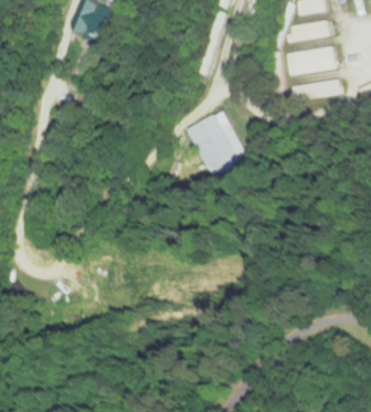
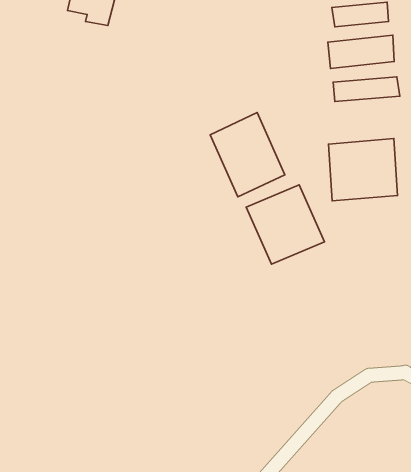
building: none -> [328,139,398,201]
building: none -> [246,185,325,264]

